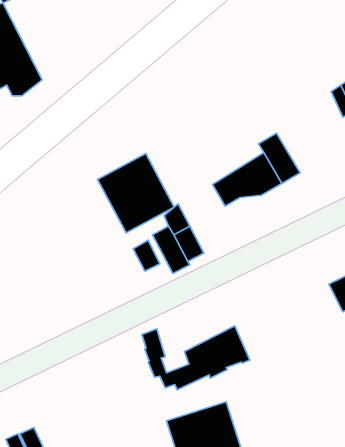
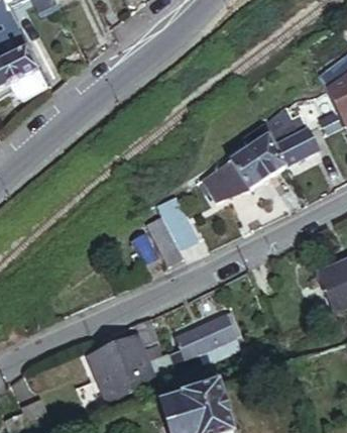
building: none -> [262,114,316,167]
building: [98,154,174,233] -> none
building: none -> [84,334,152,398]

